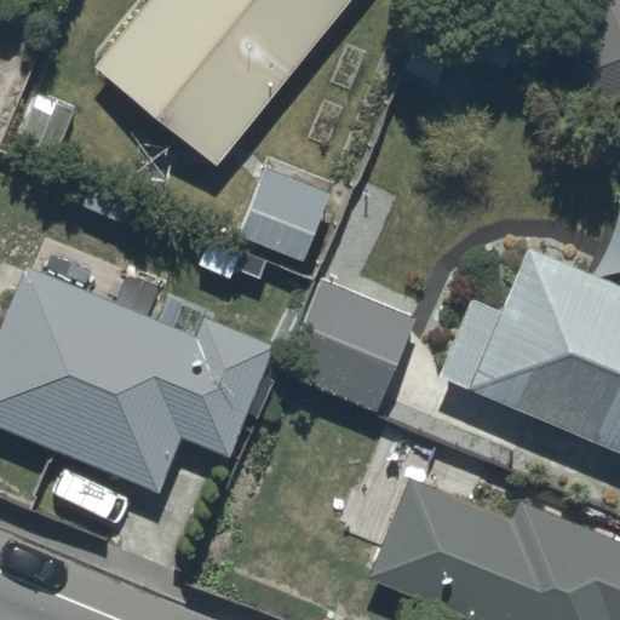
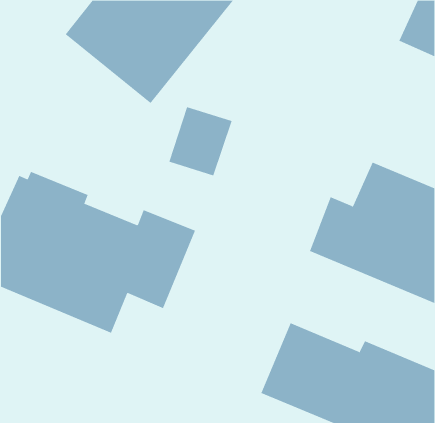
building: [285,282,417,407] -> none

